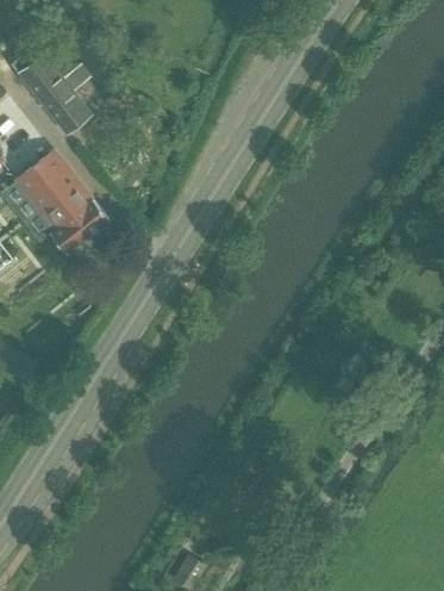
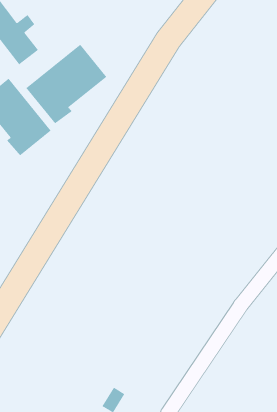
building: none -> [26,44,107,124]

